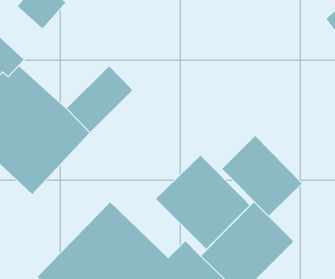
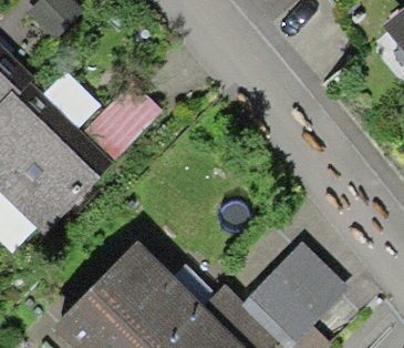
building: [221,135,303,216] -> none
building: [155,155,250,249] -> none

